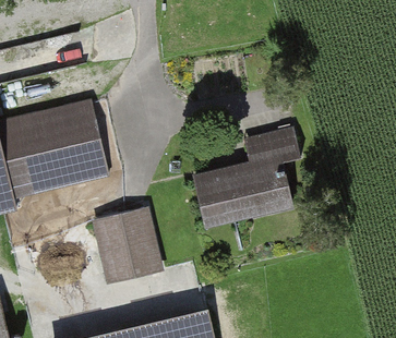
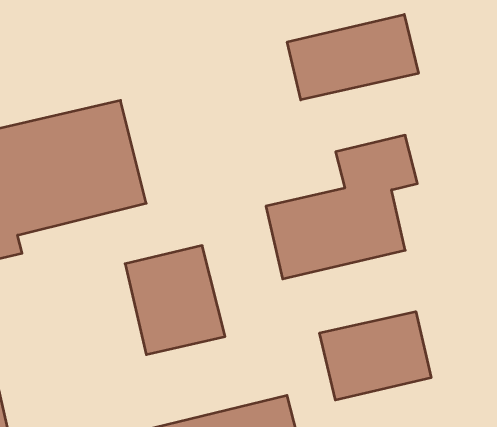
building: none -> [287,14,418,100]
building: none -> [320,312,431,400]

